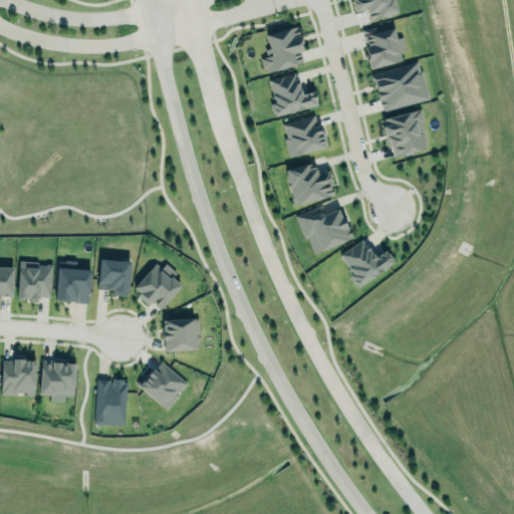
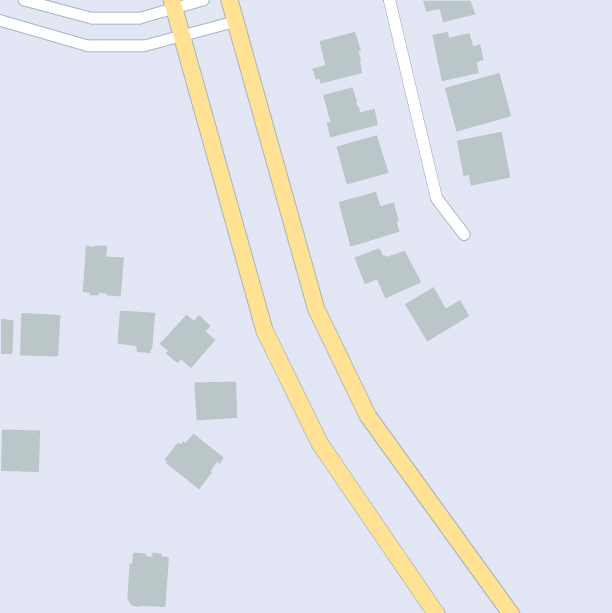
building: [56,260,92,303] -> [82,245,125,297]
building: [41,360,77,403] -> none
building: [93,379,130,426] -> [126,552,170,608]

